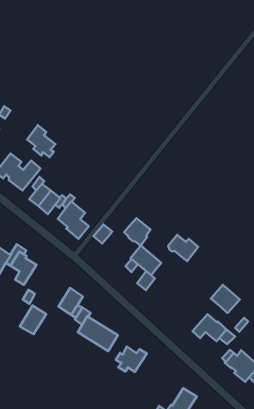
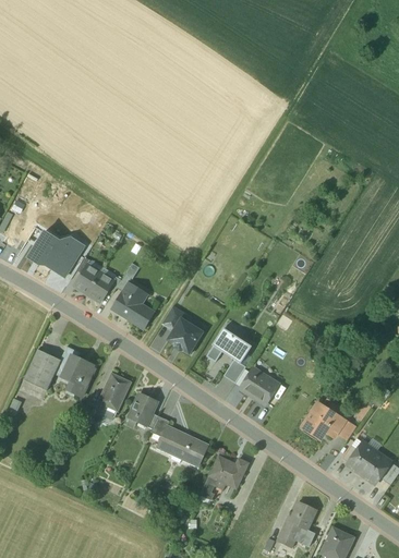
building: [27,125,56,157] -> none
building: [124,218,151,246] -> [168,319,201,353]
building: [168,235,198,261] -> [240,371,278,402]
building: [211,285,240,313] -> none
building: [20,306,46,334] -> [97,373,129,409]

